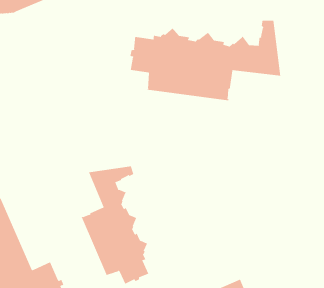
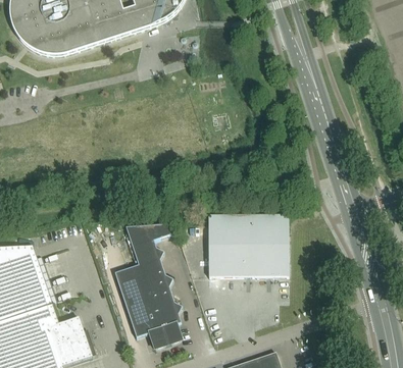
building: [130,20,281,101] -> none
building: none -> [207,214,288,275]

